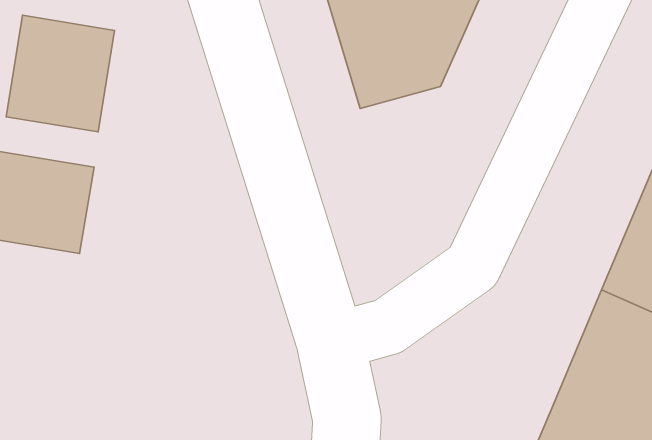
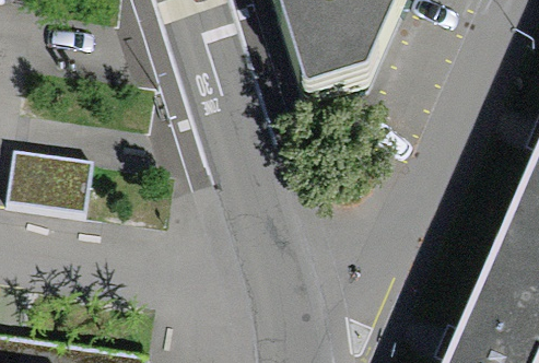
building: [6,15,115,132] -> none

